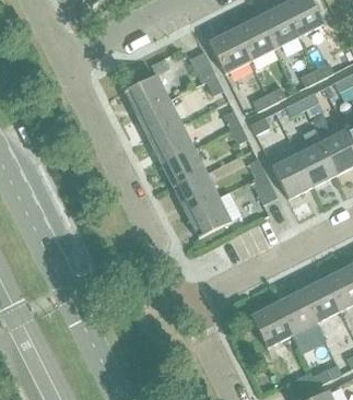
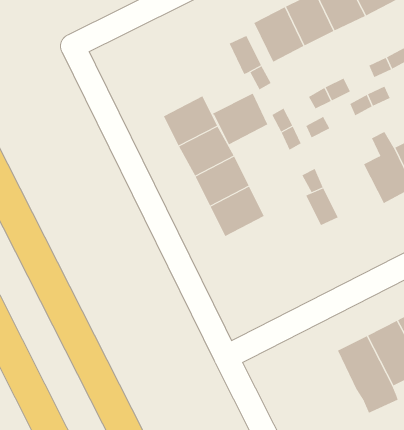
building: [123,74,168,116] -> [212,93,268,145]
building: [271,154,313,198] -> none
building: [186,196,231,238] -> none
building: [250,303,291,348] -> none

